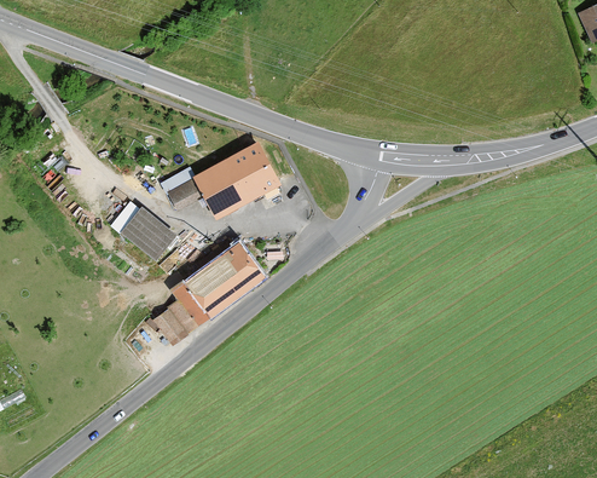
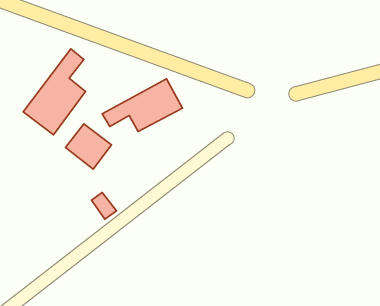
building: none -> [23,49,86,135]
building: [172,238,268,328] -> none

